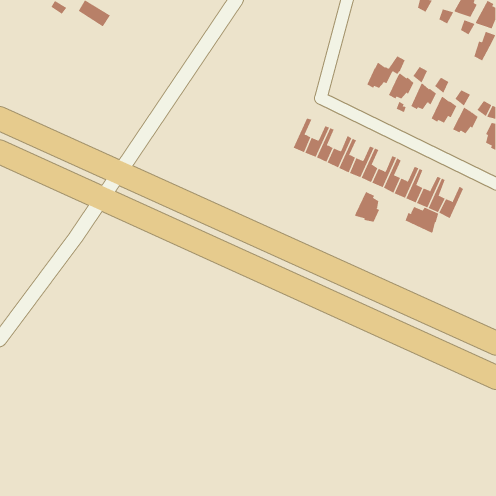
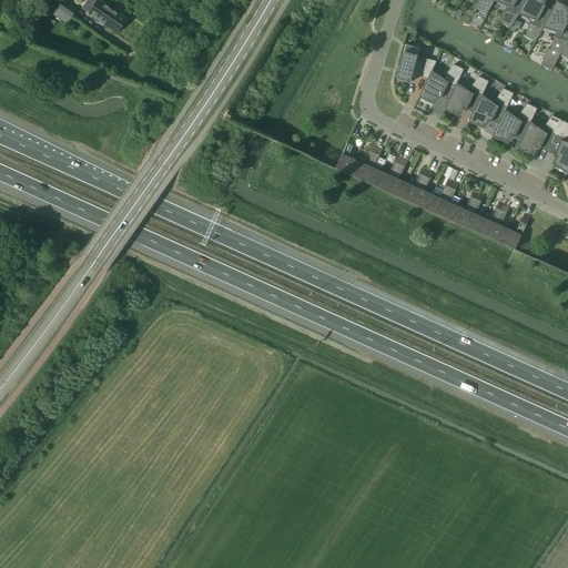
building: none -> [396,43,436,82]
building: [354,191,380,222] -> none
building: [405,206,439,234] -> none

